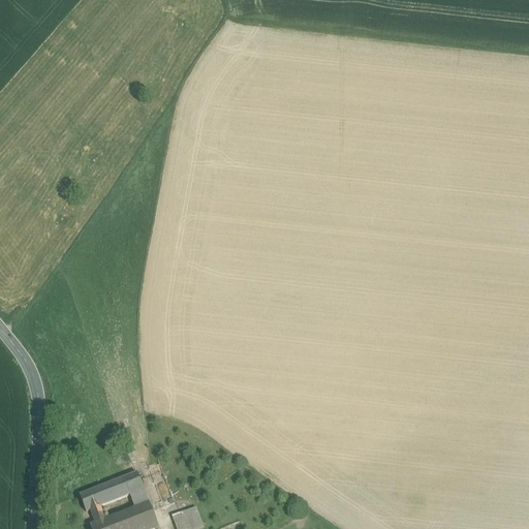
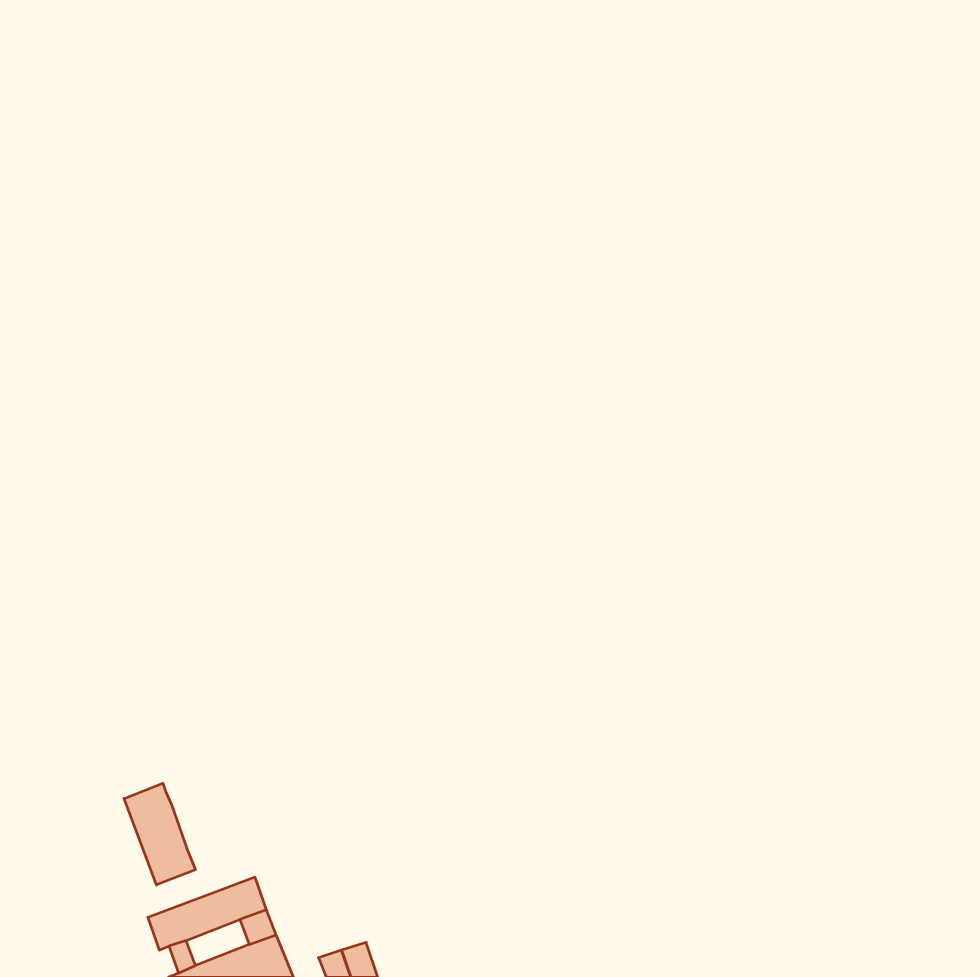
building: none -> [124,783,195,885]

